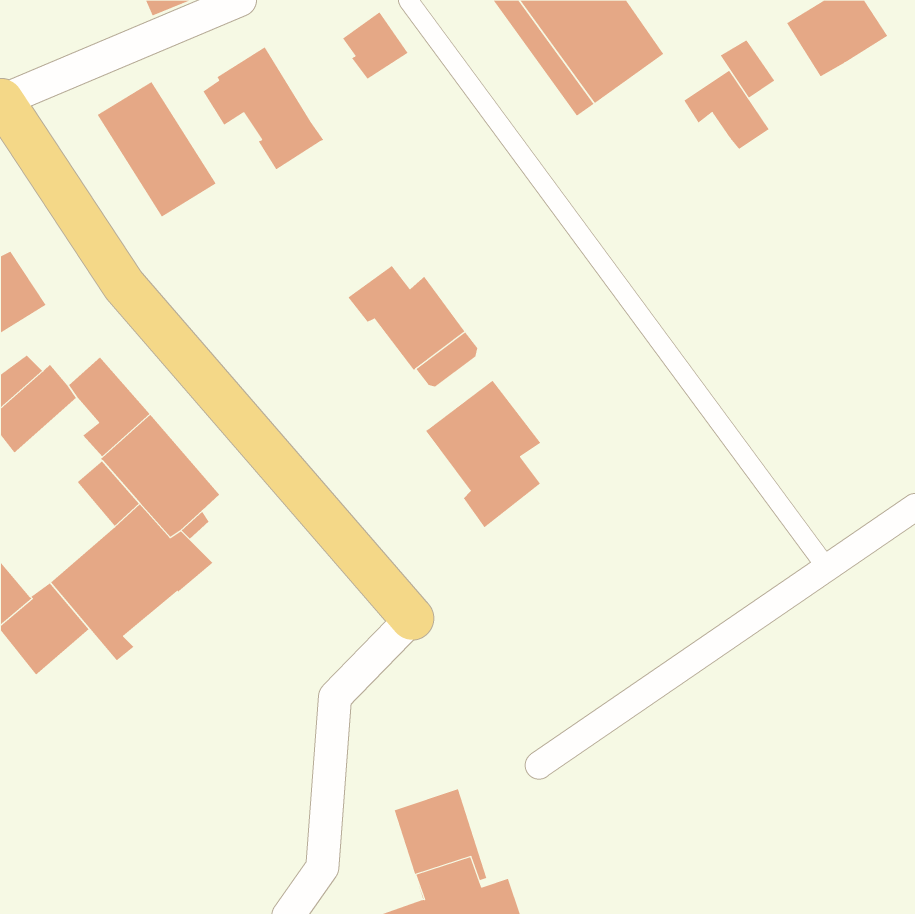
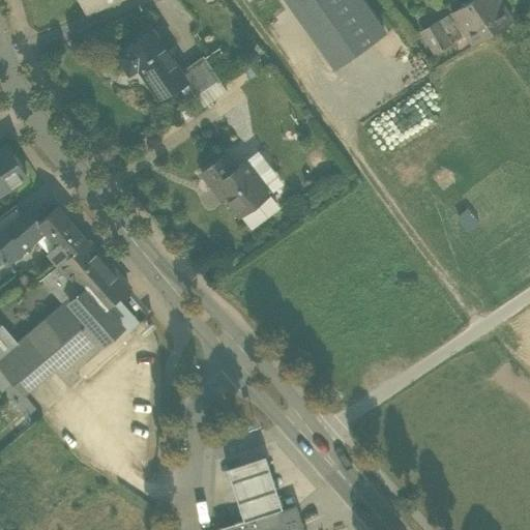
building: [342,11,408,80] -> [180,56,218,95]
building: [684,70,769,150] -> none
building: [97,81,217,217] -> none
building: [425,380,541,528] -> none

